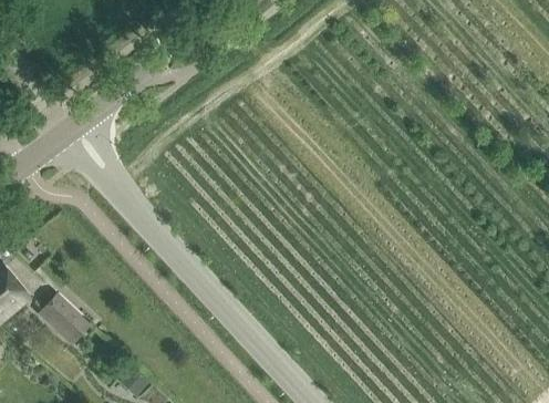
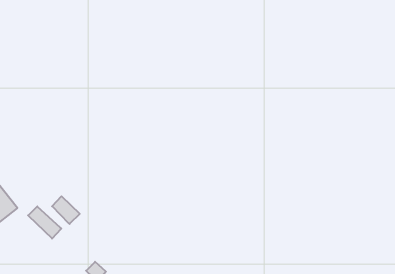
building: none -> [52,196,80,224]

